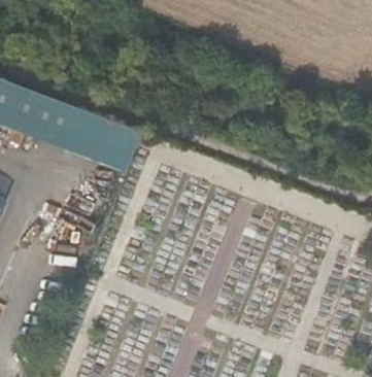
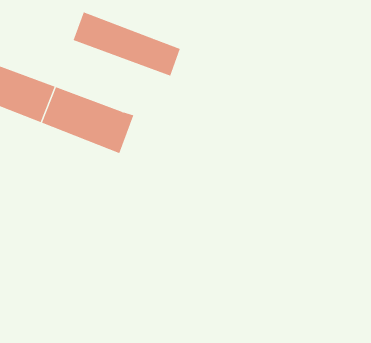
building: none -> [73,12,181,77]

